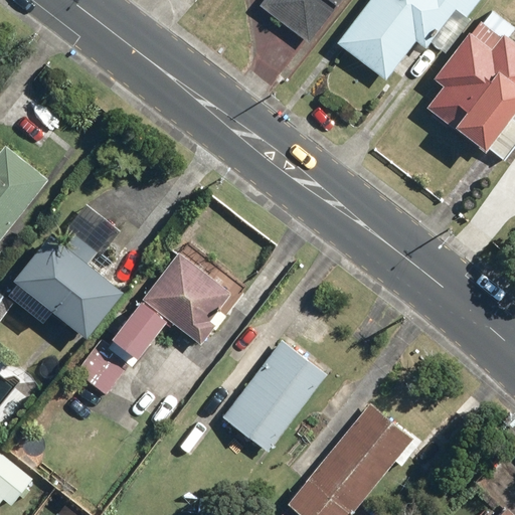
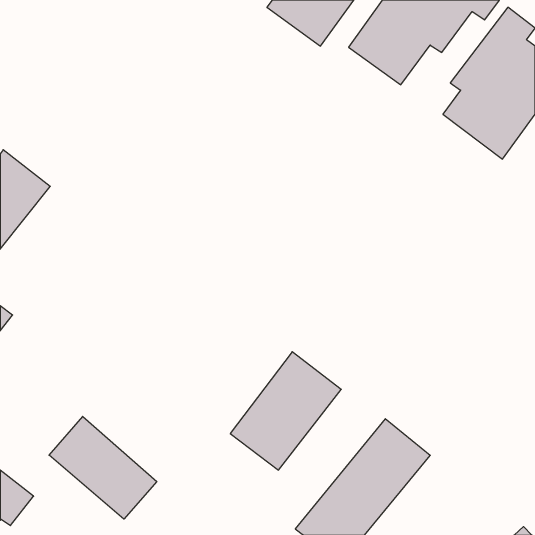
building: [7,204,121,337] -> none
building: [74,252,231,397] -> none
building: none -> [49,416,157,519]

